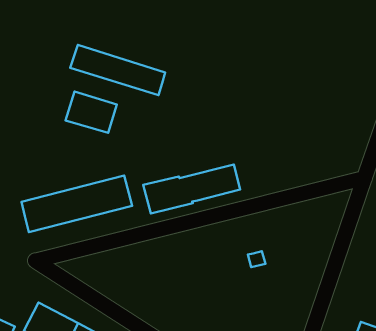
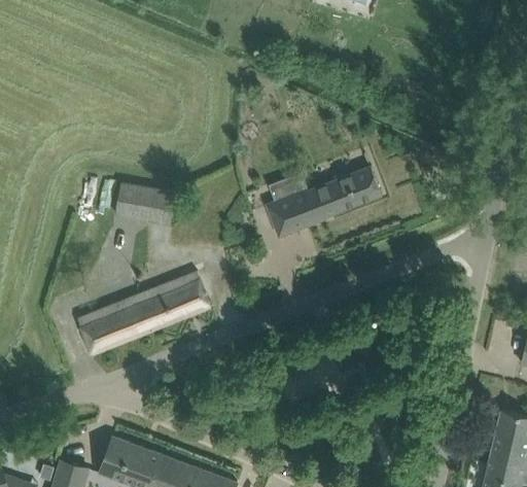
building: [70,45,165,95] -> none
building: [143,165,240,213] -> [265,167,381,238]

